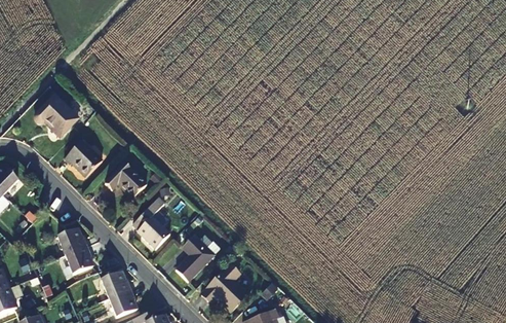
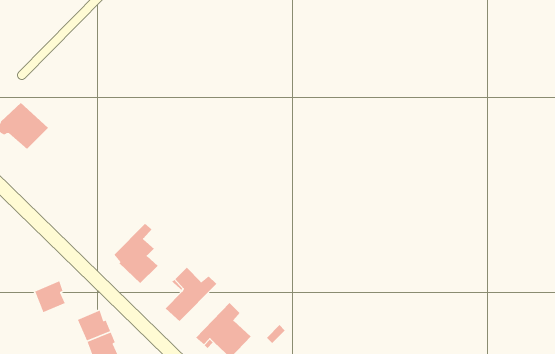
building: [65,141,102,177] -> none
building: [106,163,147,198] -> none
building: [57,227,87,255] -> none

